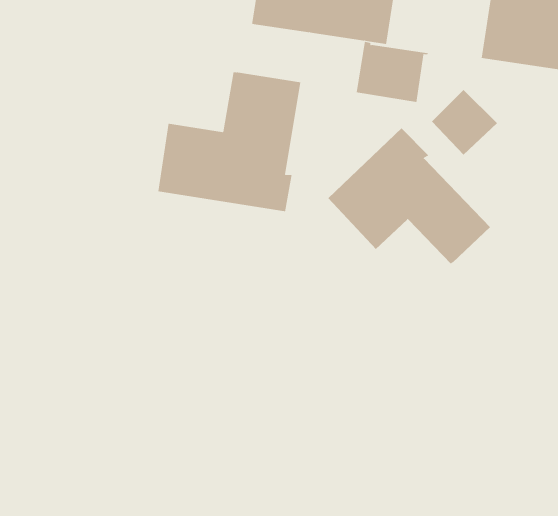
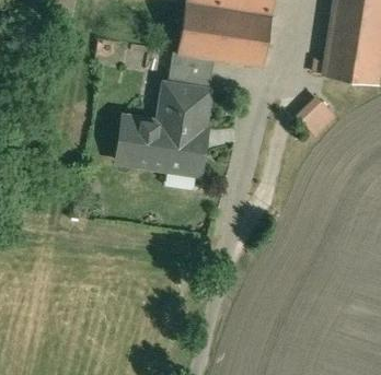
building: [356,41,429,103] -> [168,51,215,91]
building: [327,128,491,264] -> none

